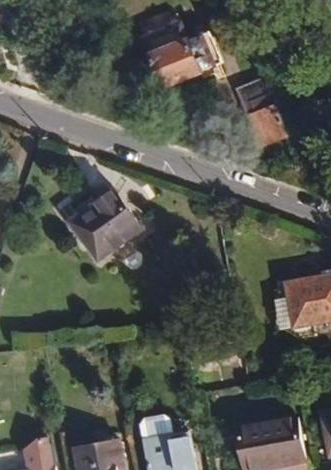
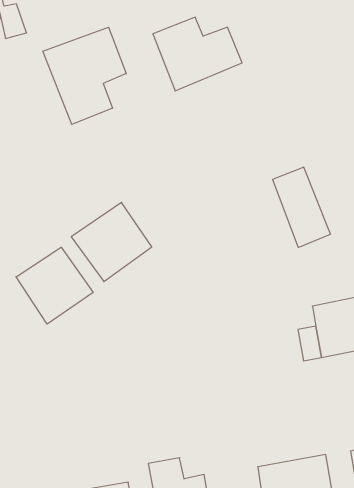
building: none -> [43,27,126,124]
building: [233,76,285,148] -> [273,167,331,247]
building: none -> [16,247,93,324]

